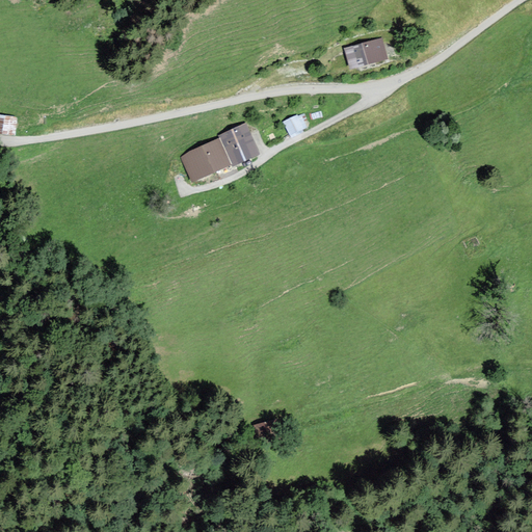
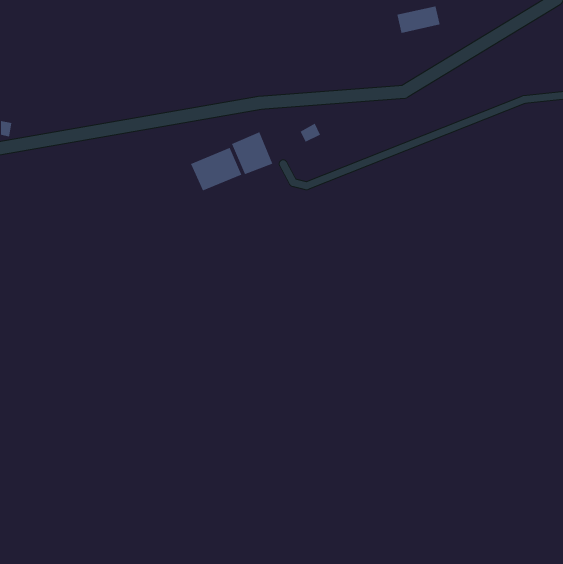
building: [344,41,385,66] -> [396,6,441,33]

